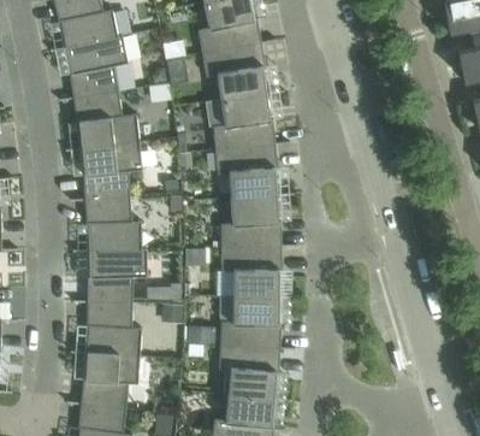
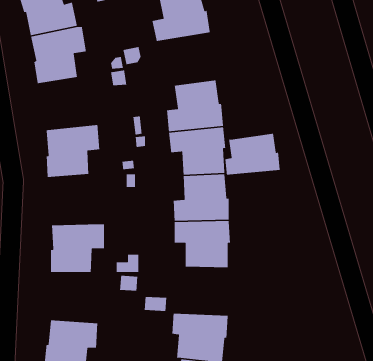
building: [202,42,267,99] -> none
building: [73,90,140,147] -> none
building: none -> [224,133,281,176]
building: [84,195,142,249] -> none
building: [220,295,282,347] -> none
building: [87,301,142,355] -> none

